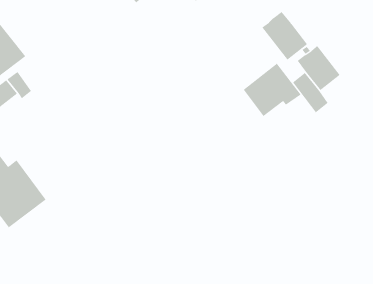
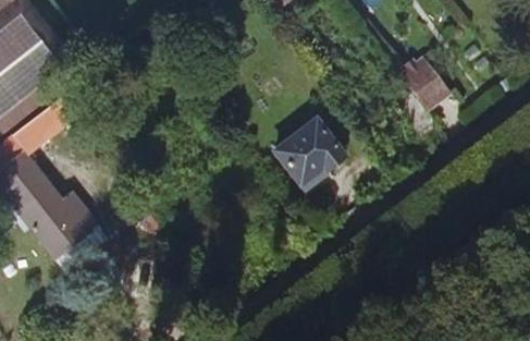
building: [261,11,308,60] -> none
building: [243,63,301,117] -> [274,118,343,181]

